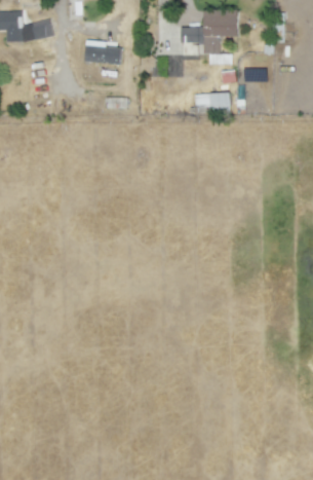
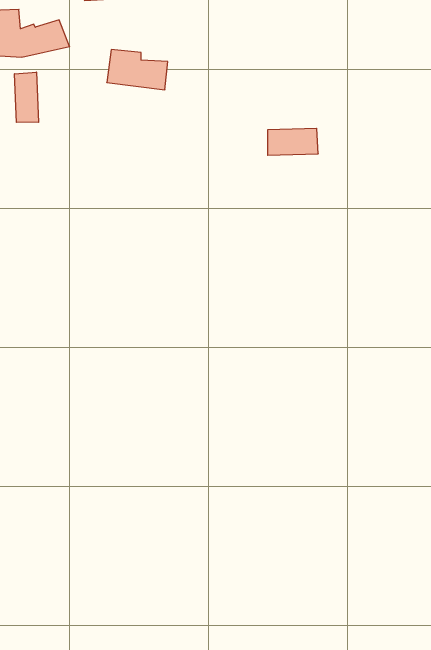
building: [181,8,238,53] -> none
building: none -> [15,72,39,122]

